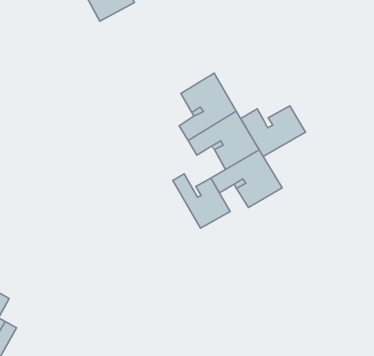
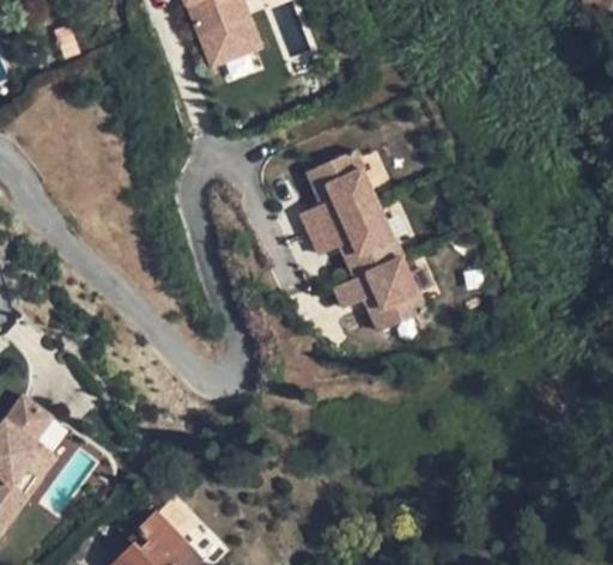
building: [241,106,305,157] -> none
building: [173,174,230,228] -> none

